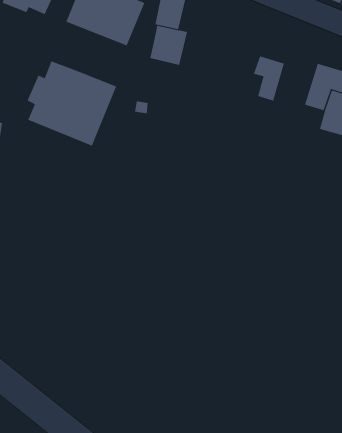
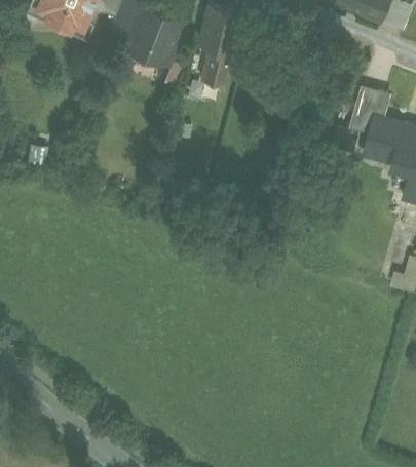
building: [253,55,285,101] -> none
building: [27,60,117,147] -> none

